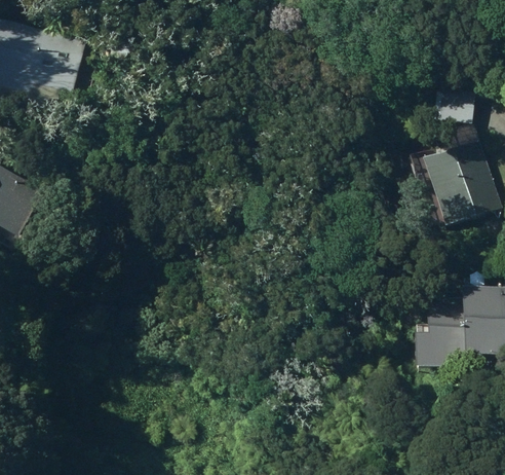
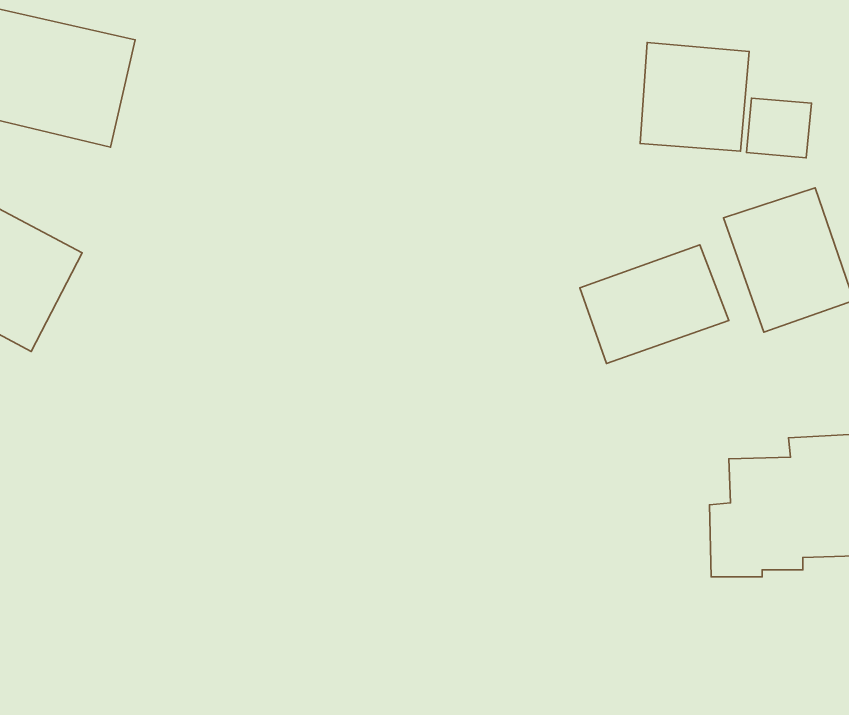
building: none -> [640,43,749,151]
building: none -> [580,245,729,364]

